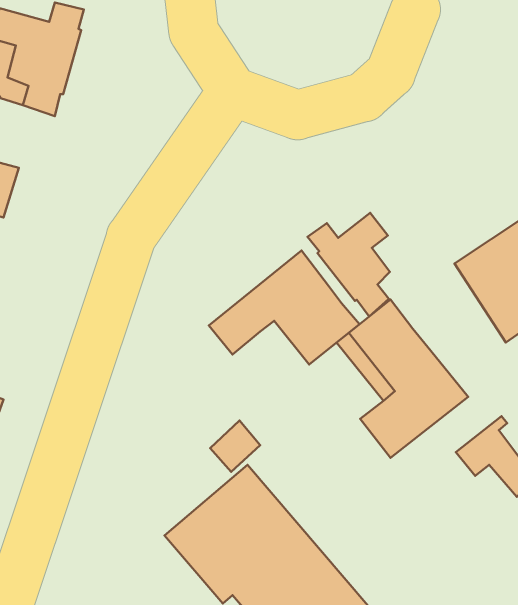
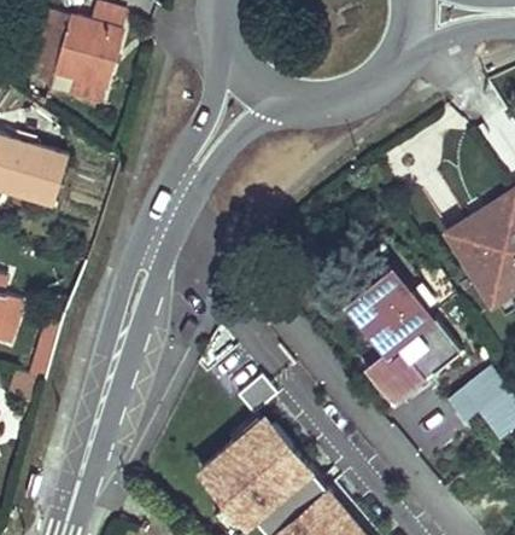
building: [308,213,390,317] -> none
building: [209,250,360,364] -> none

